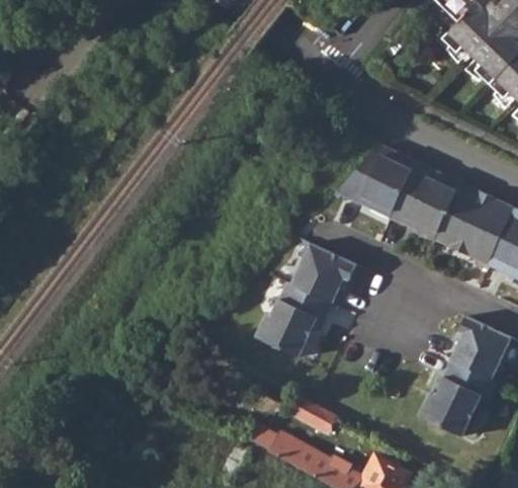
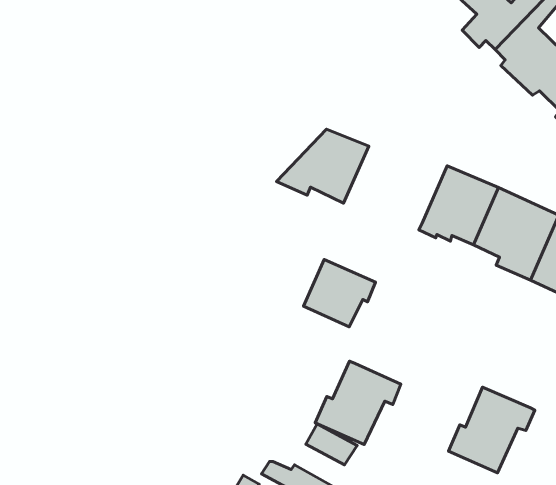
building: [336,149,418,215] -> [276,129,369,203]
building: [255,287,331,360] -> [315,361,401,445]
building: [449,317,510,379] -> none

